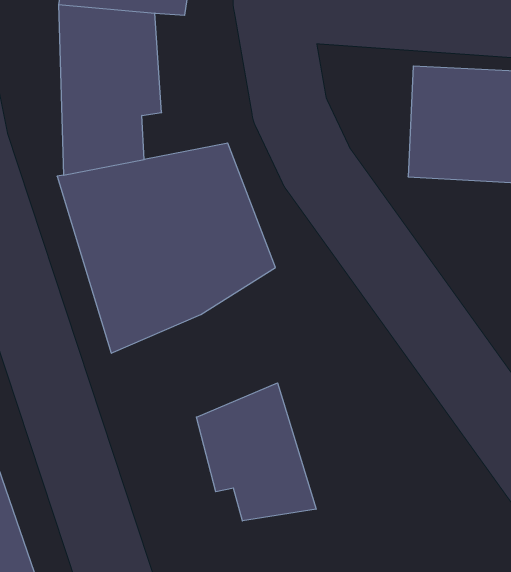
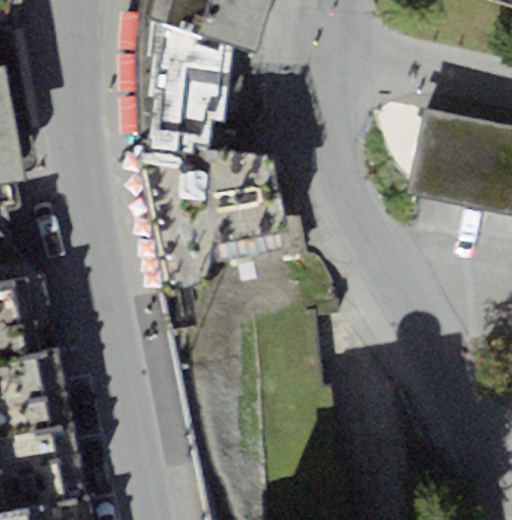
building: [196,383,316,521] -> none

